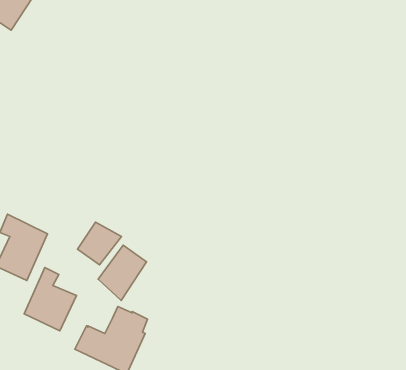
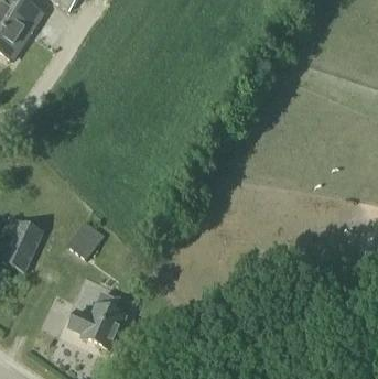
building: [98,245,147,301] -> none
building: [24,268,76,331] -> none

